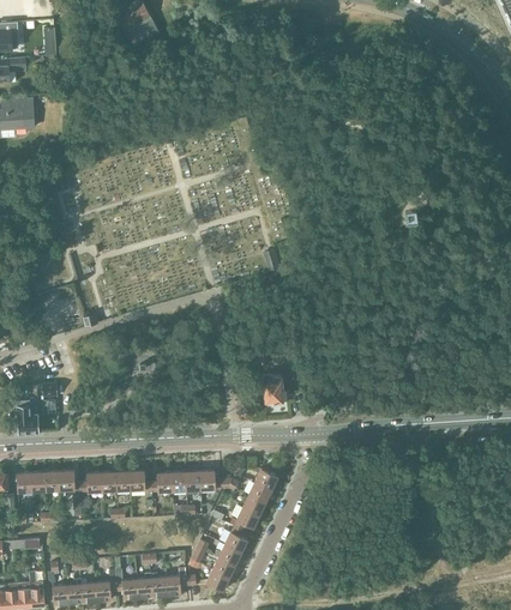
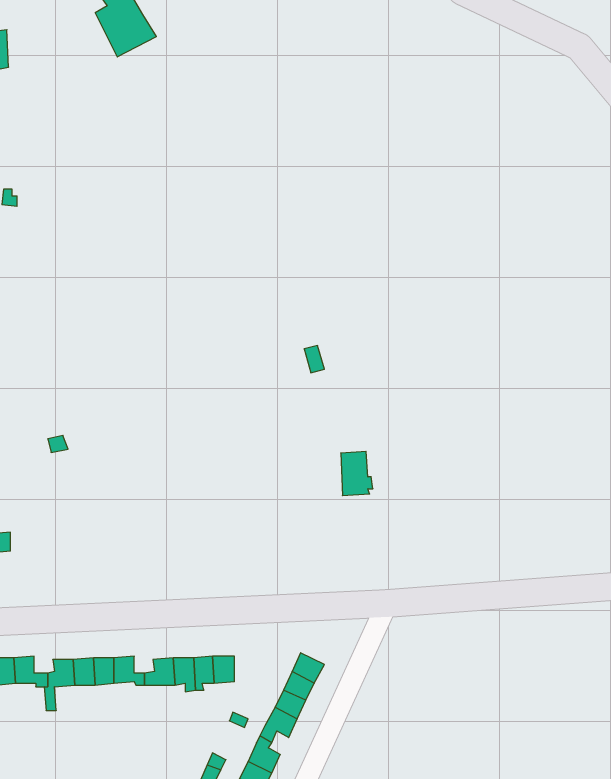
building: [263,373,285,404] -> [341,451,373,496]

